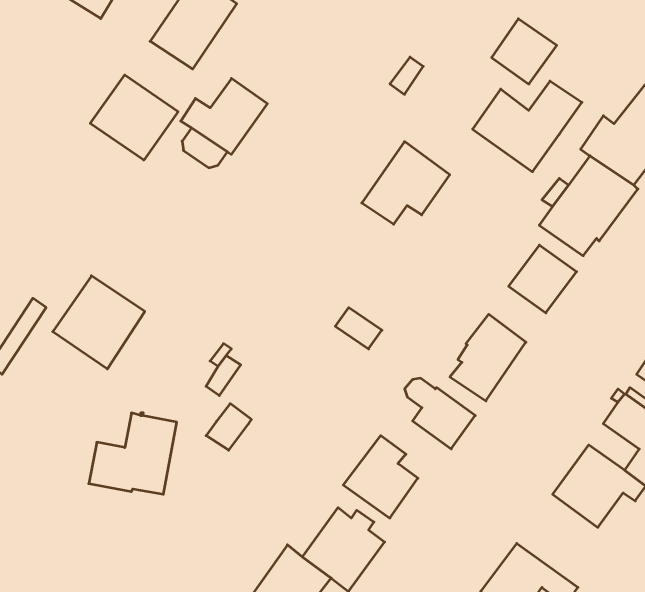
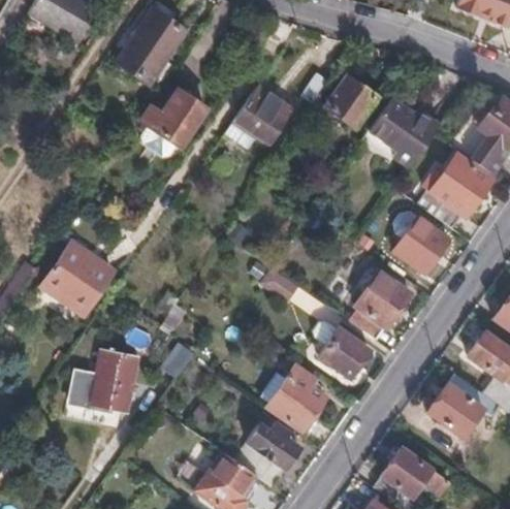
building: [492,19,557,84] -> [326,75,377,126]
building: [90,75,178,160] -> none
building: [362,142,450,224] -> [225,85,293,149]

